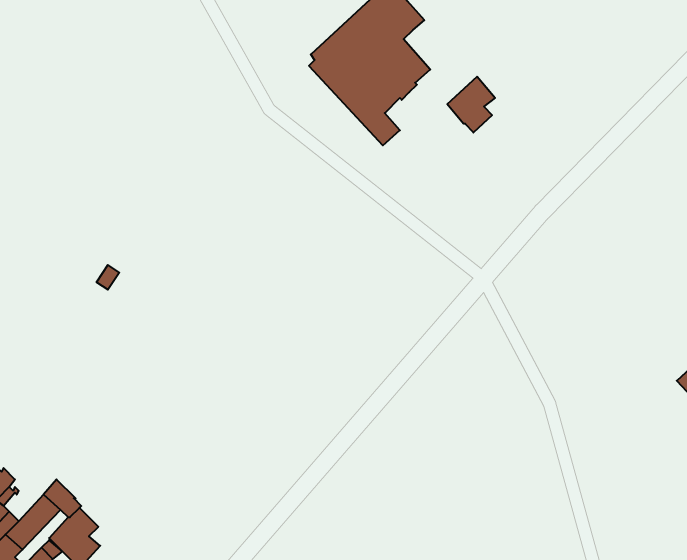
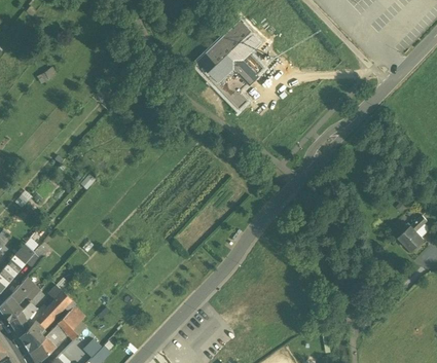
building: [447,77,495,133] -> none

